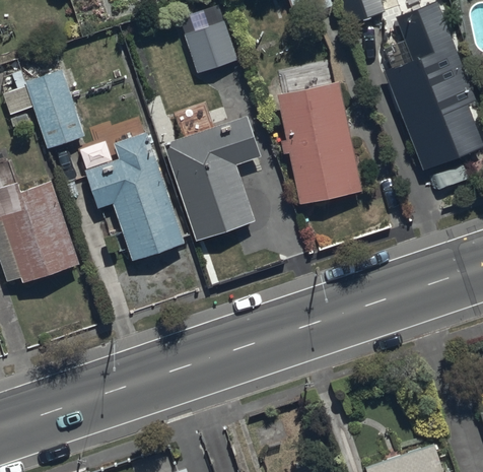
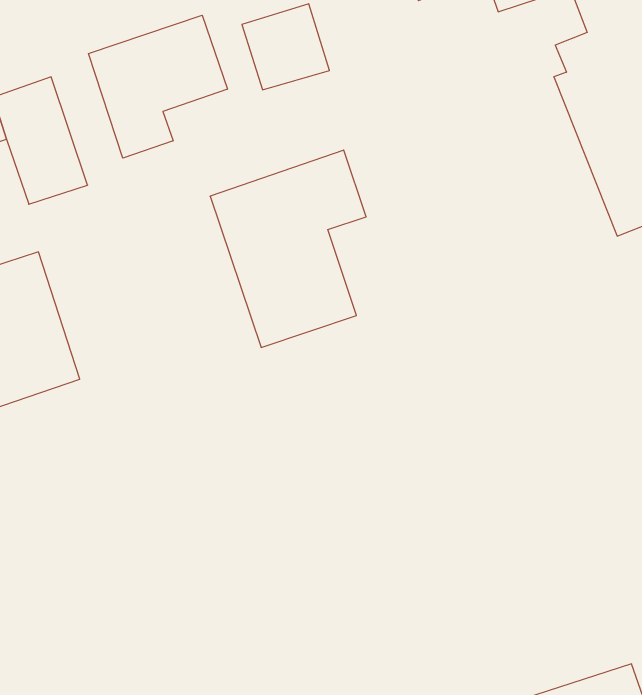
building: none -> [88,15,227,158]
building: [276,81,361,204] -> none
building: [85,133,185,261] -> none

